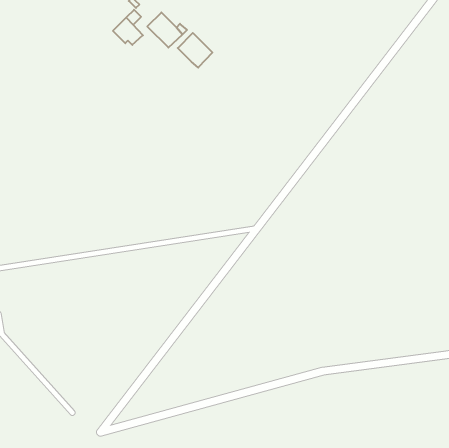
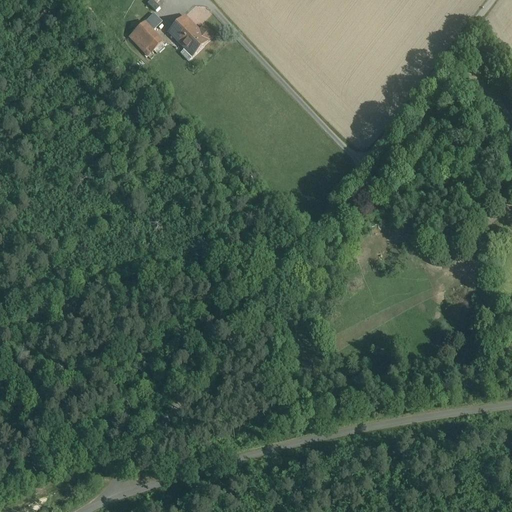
building: [178,33,212,68] -> none

